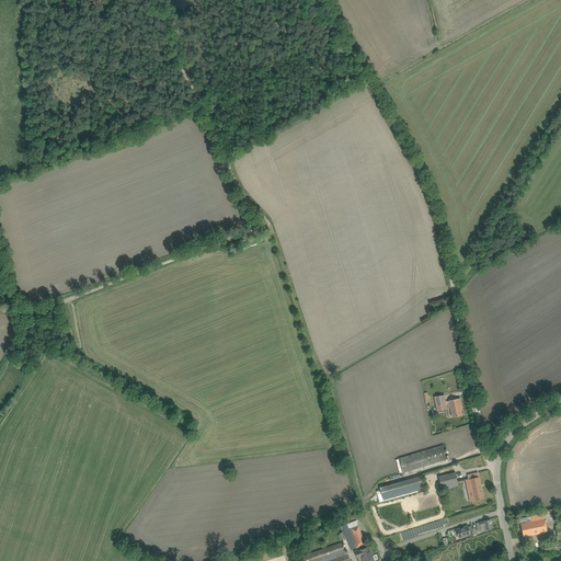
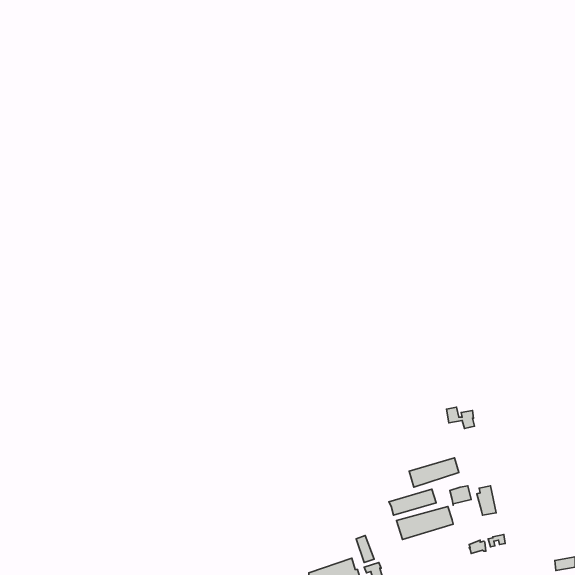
building: none -> [396,506,453,539]
building: [518,514,547,537] -> none

